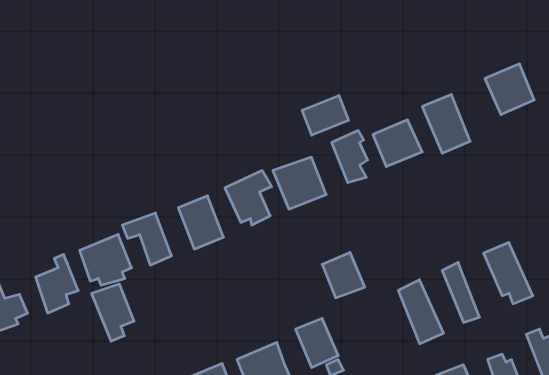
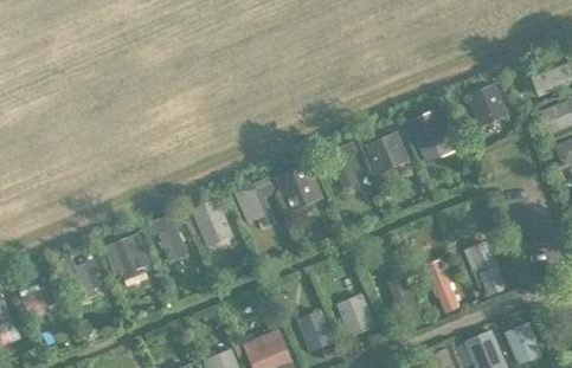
building: [302,95,348,135] -> none
building: [322,252,365,298] -> [338,296,375,336]
building: [92,284,134,341] -> none

